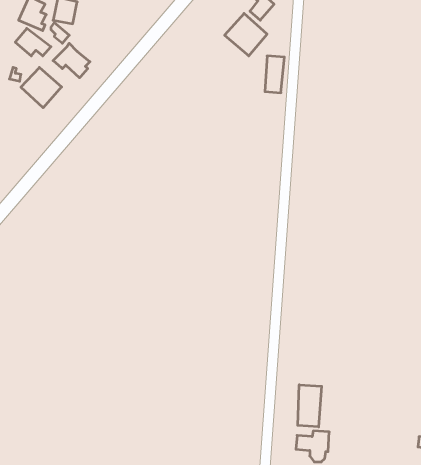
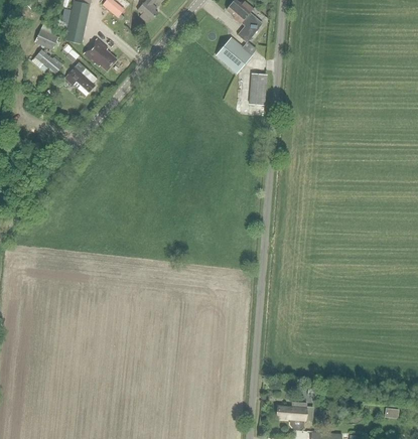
building: none -> [83,37,116,69]
building: [21,67,62,108] -> none
building: [298,385,322,427] -> none

